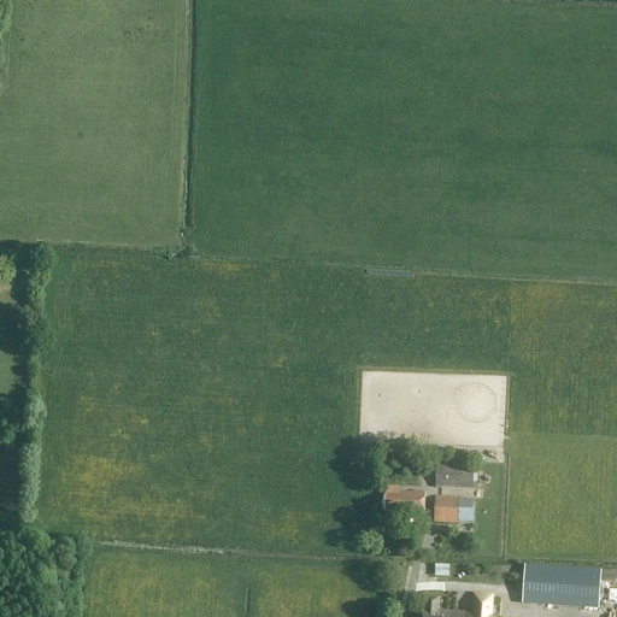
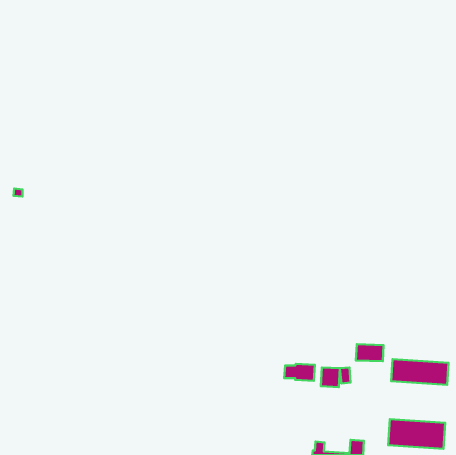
building: [434,464,471,487] -> [356,344,384,361]
building: none -> [391,359,448,385]

